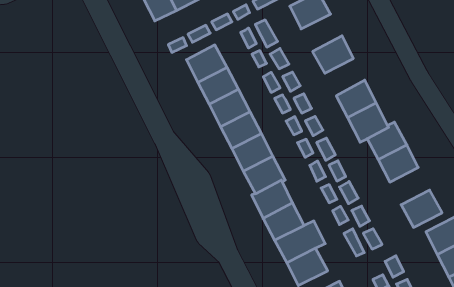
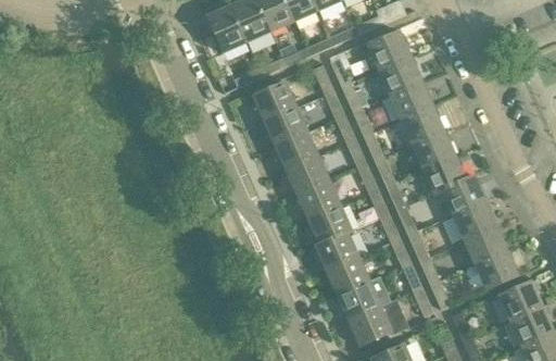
building: none -> [378,55,421,95]
building: none -> [401,104,443,144]
building: none -> [464,225,506,264]

